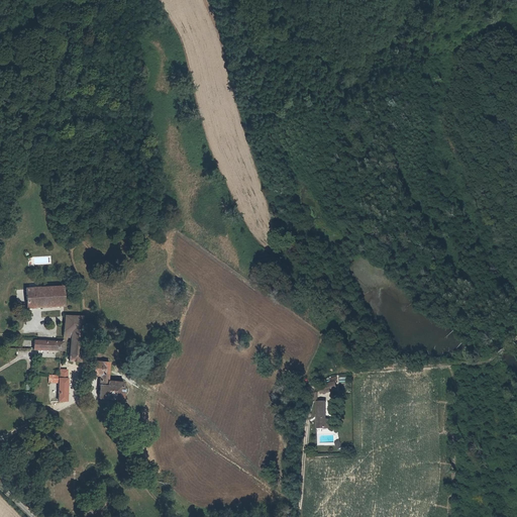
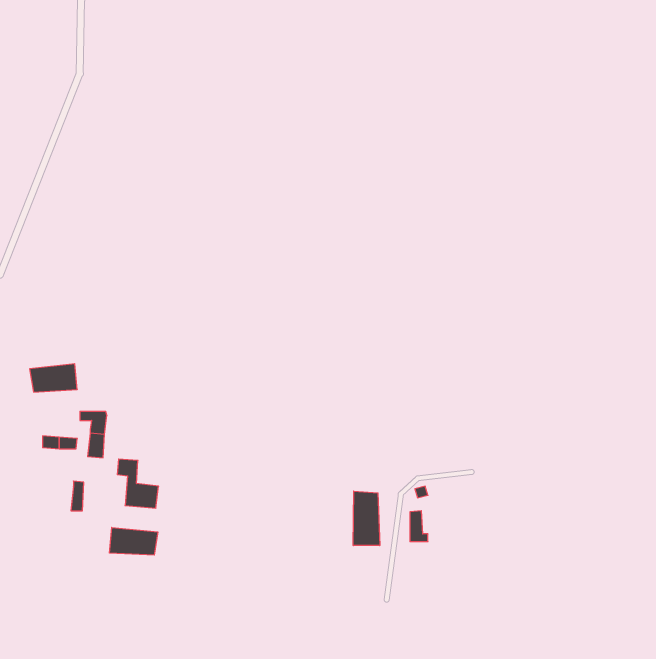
building: none -> [353,491,380,546]
building: none -> [110,527,158,555]

